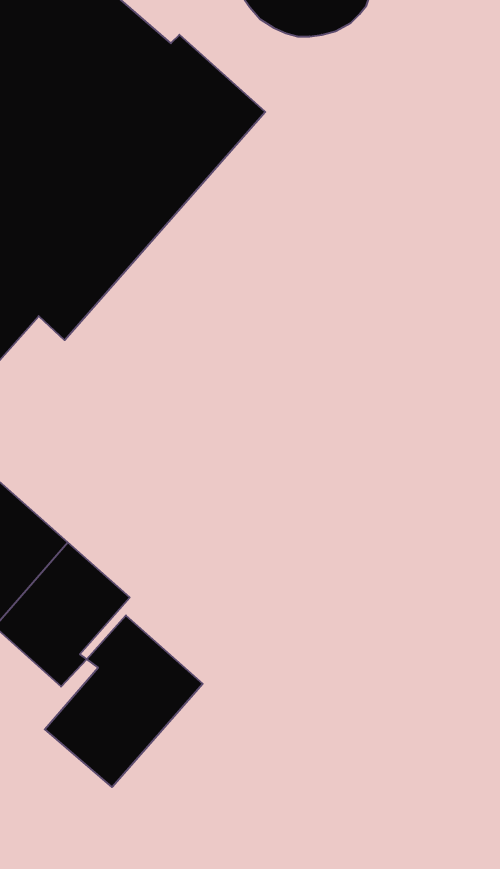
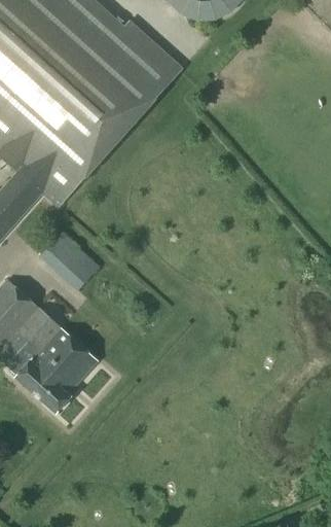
building: none -> [41,233,101,291]
building: [45,615,203,787] -> none

